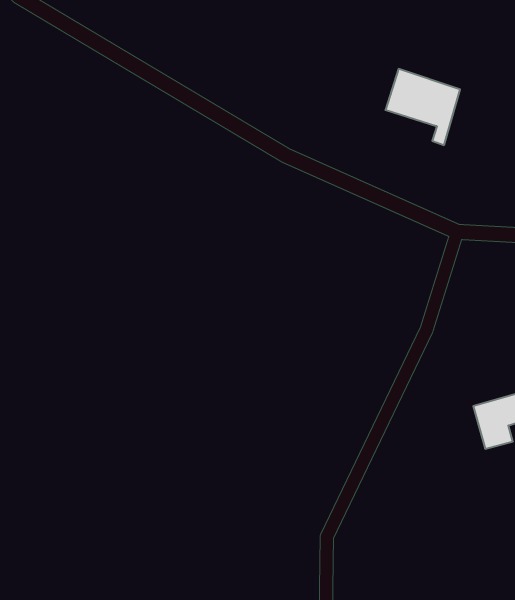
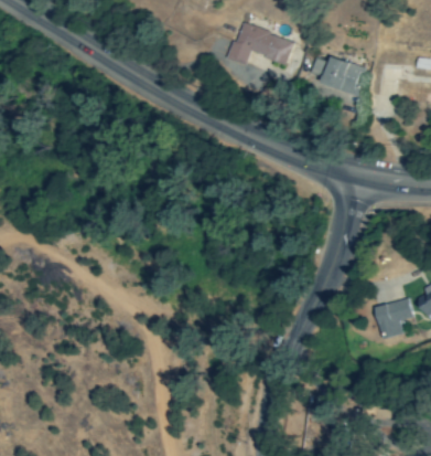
building: none -> [229,23,294,64]

